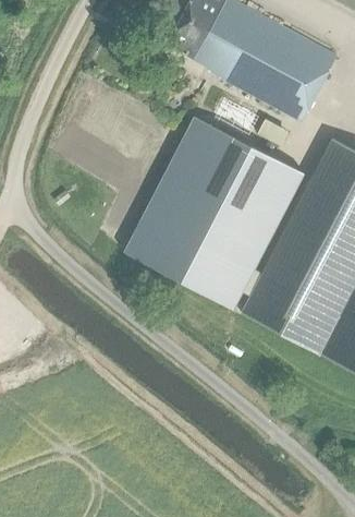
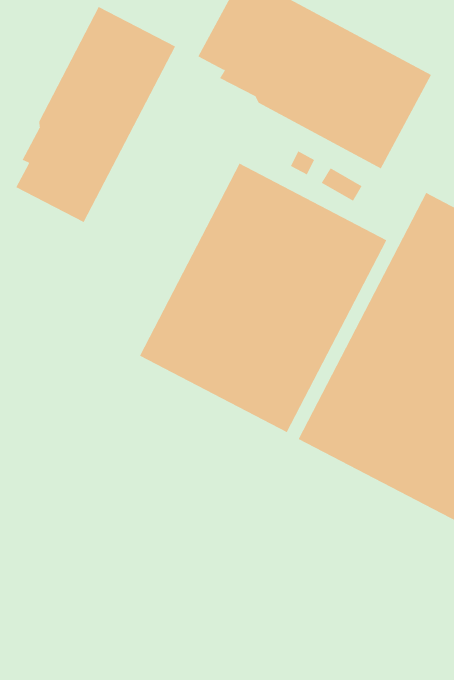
building: none -> [16,6,176,223]

